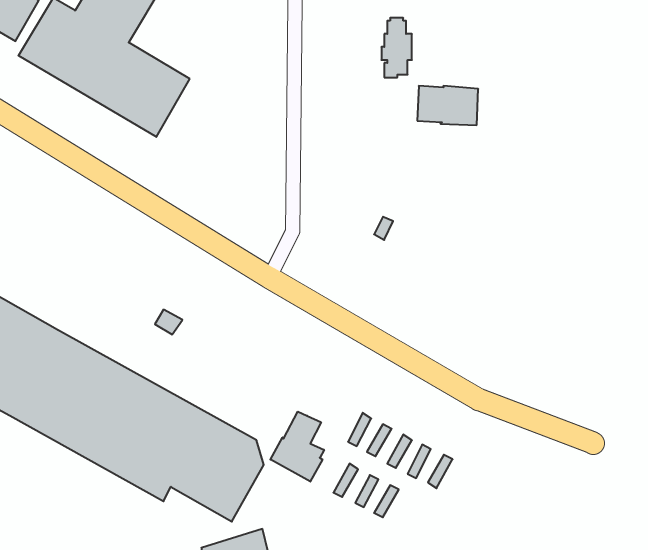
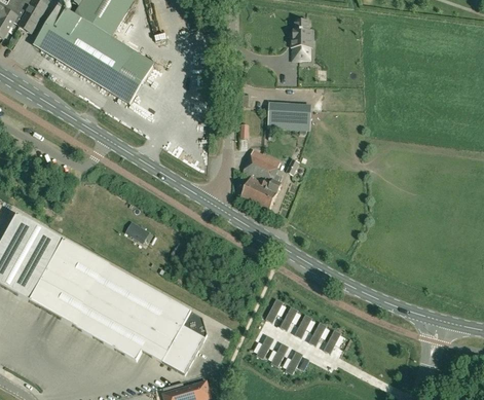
building: [417,86,478,125] -> [268,102,311,130]
building: none -> [240,148,282,210]
building: [270,412,324,482] -> none

